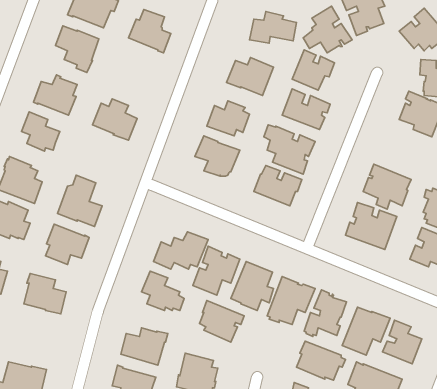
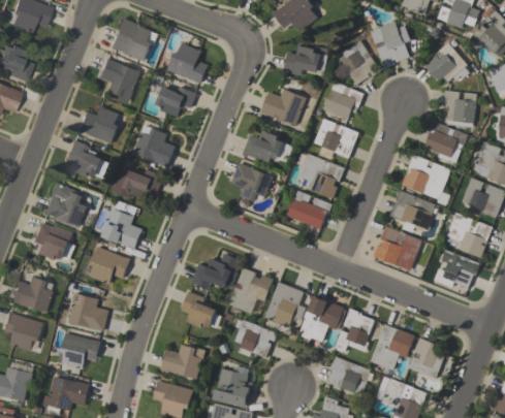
building: none -> [155,87,196,117]
building: none -> [401,155,450,205]
building: none -> [112,167,163,198]
building: none -> [57,333,101,369]

